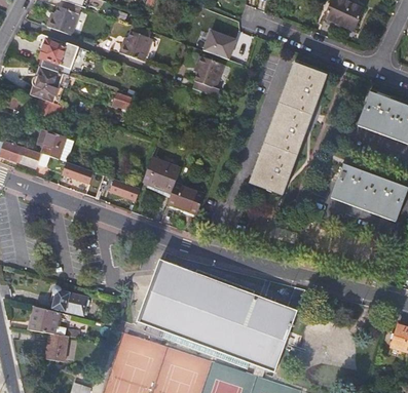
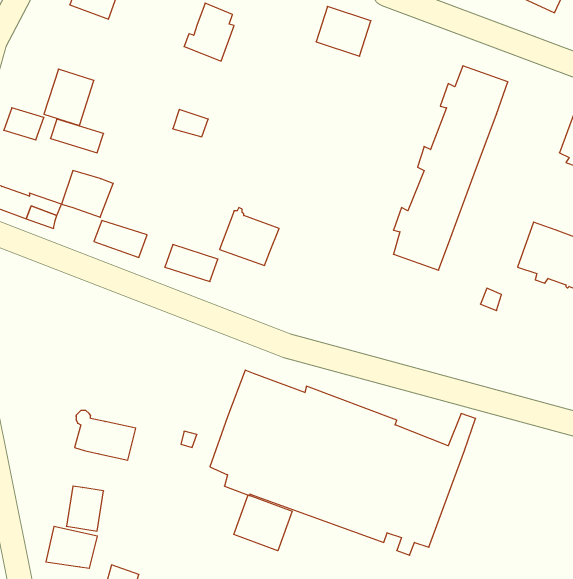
building: [39,39,78,75] -> none
building: [192,55,222,96] -> none
building: [168,184,203,212] -> none
building: [27,307,60,333] -> [46,526,97,568]
building: none -> [234,495,292,551]

